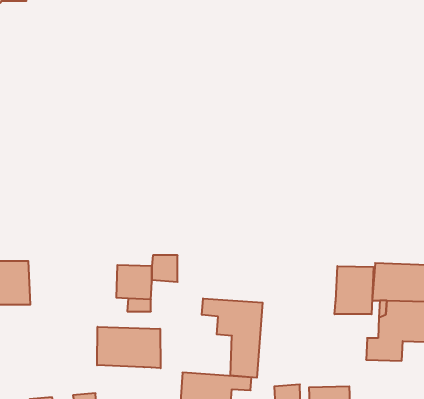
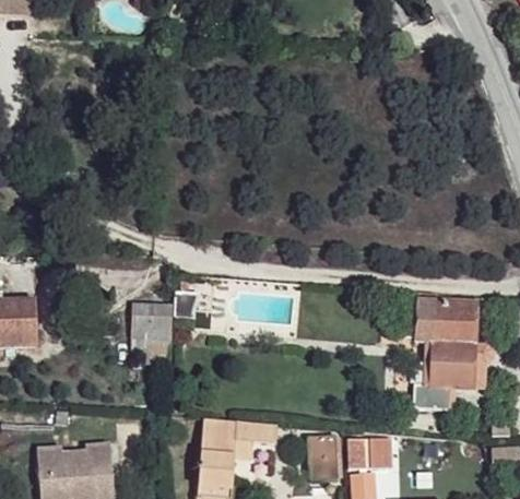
building: [335,266,373,314] -> none
building: [202,298,263,378] -> none
building: [97,327,161,368] -> none

